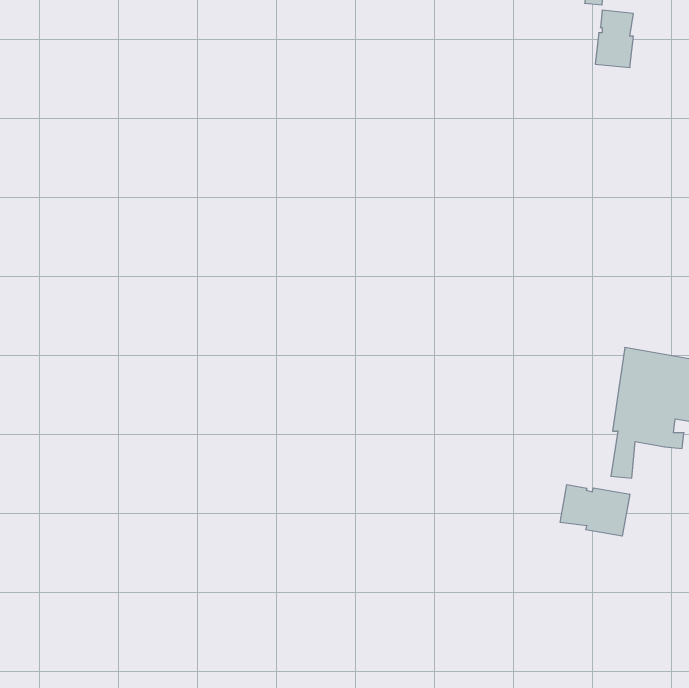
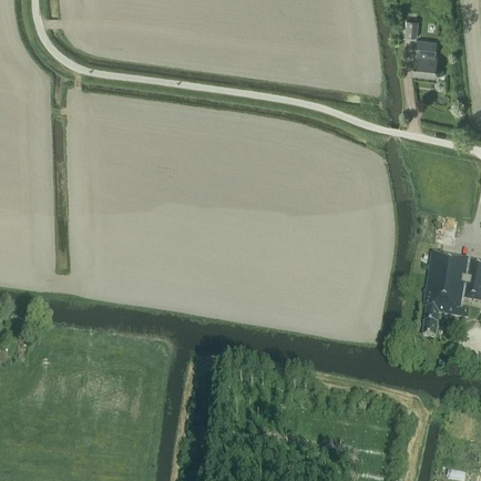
building: [560,485,630,536] -> none

